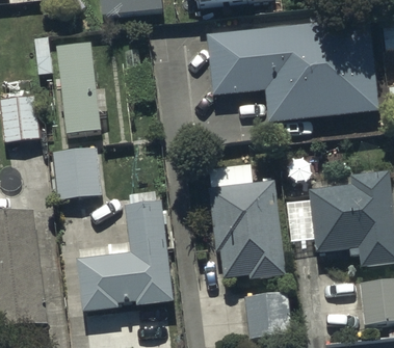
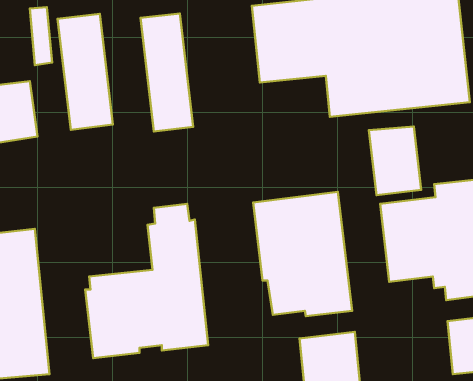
building: none -> [140,13,193,131]
building: none -> [369,126,421,195]
building: [52,148,102,197] -> none

